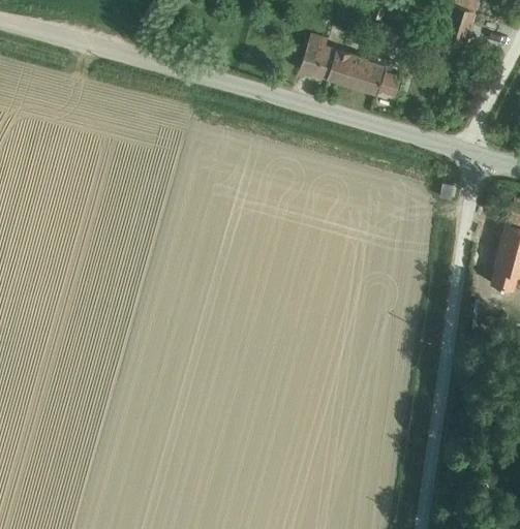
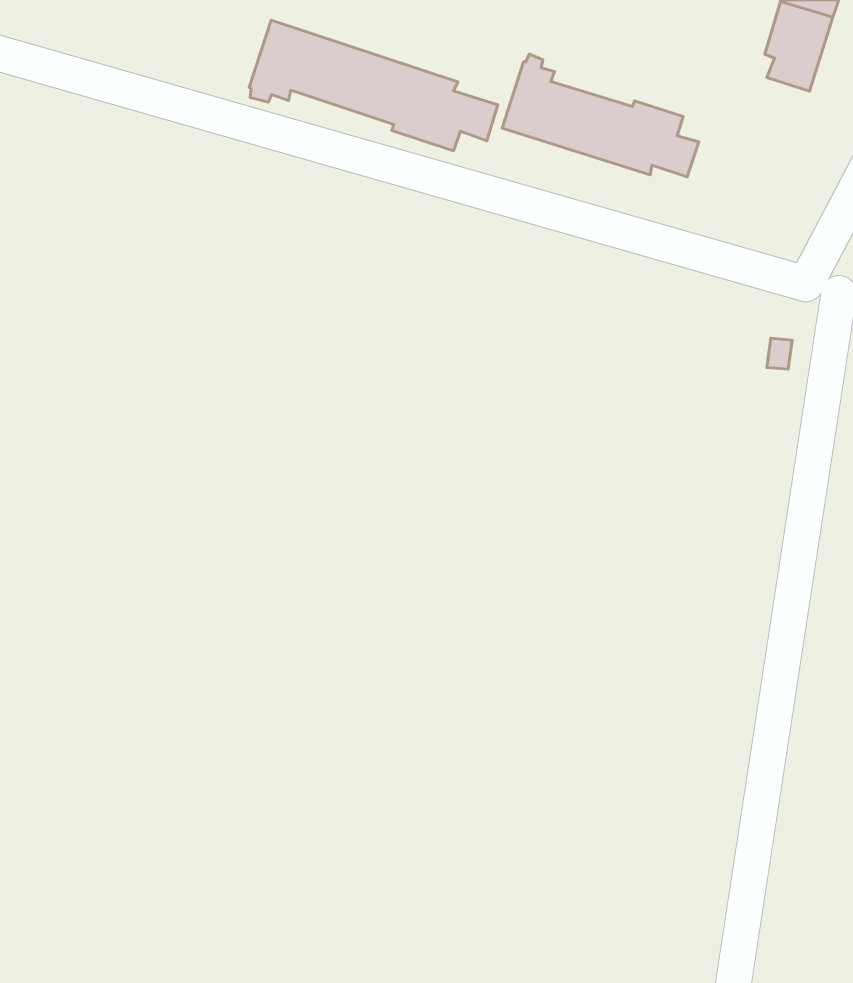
building: none -> [249,20,498,151]

